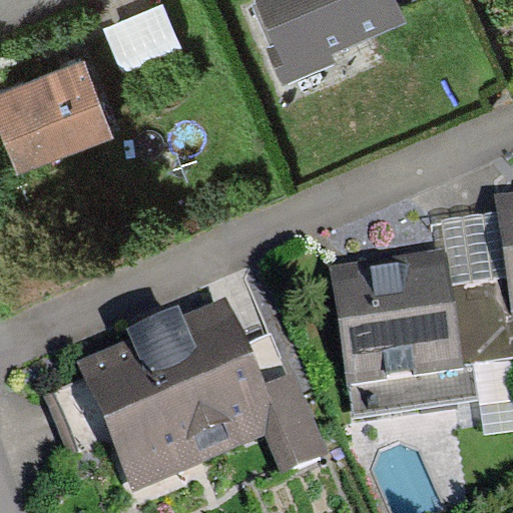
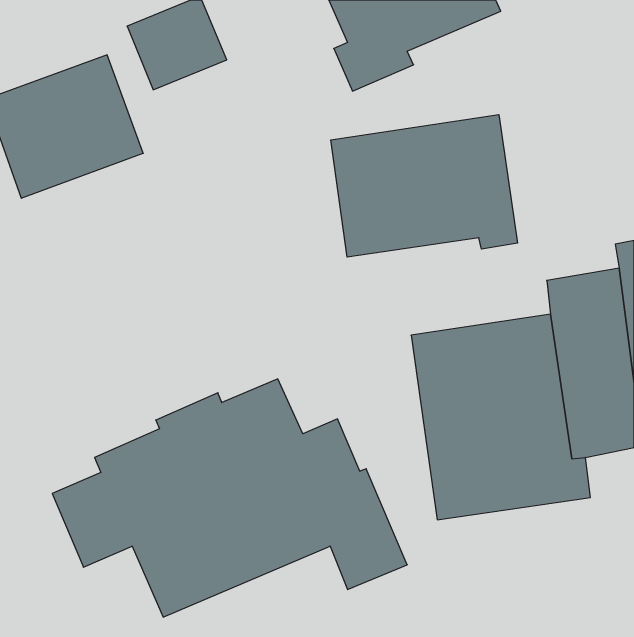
building: none -> [331,115,517,257]

